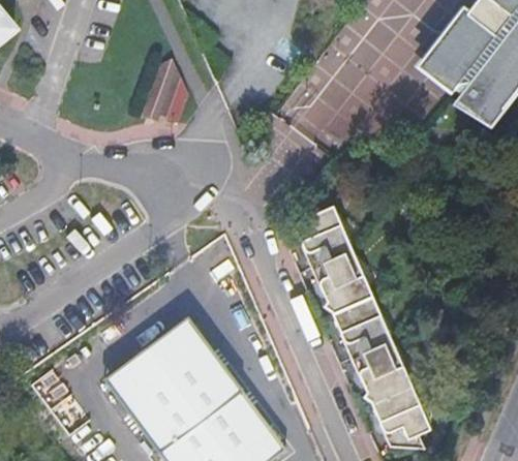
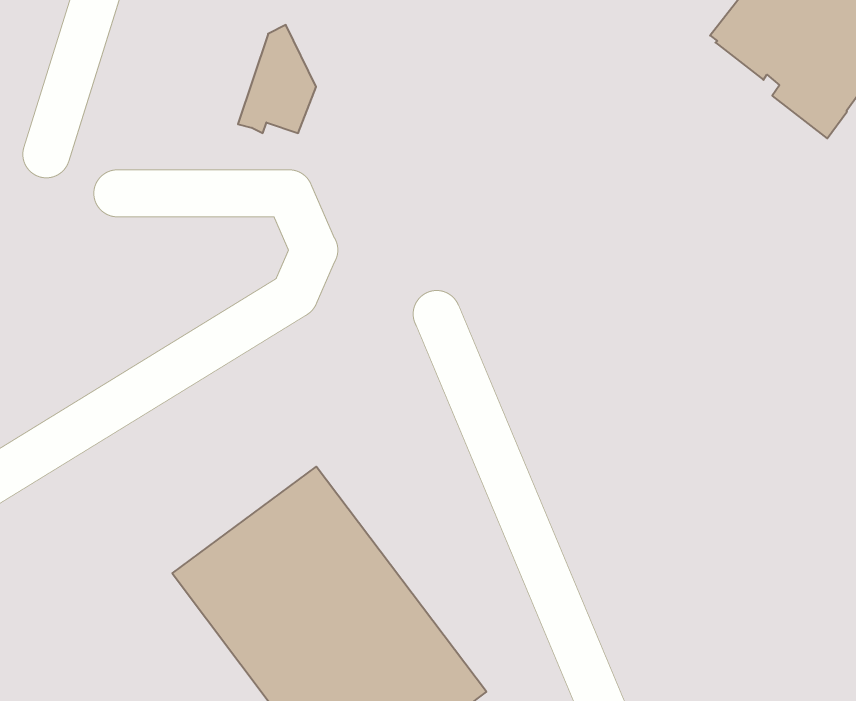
building: [293,207,430,450] -> none

